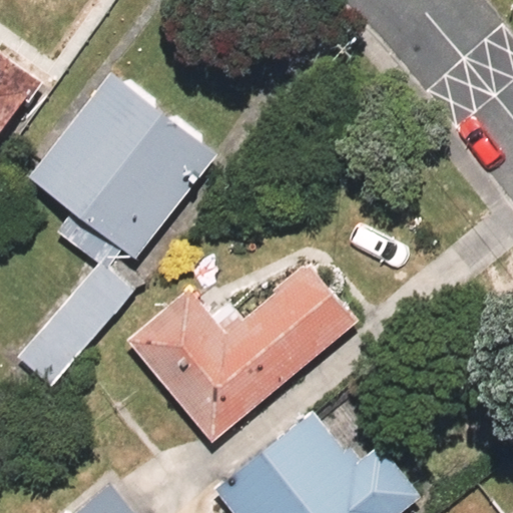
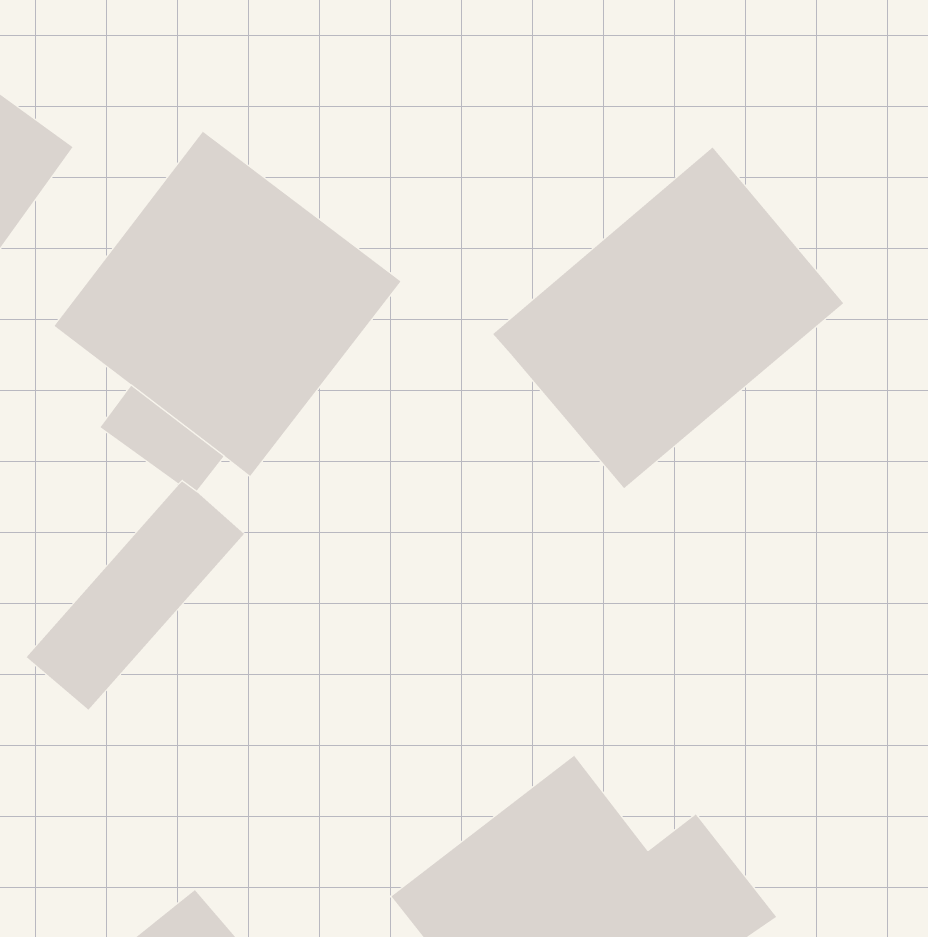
building: none -> [492,146,844,489]
building: [127,262,355,442] -> none

